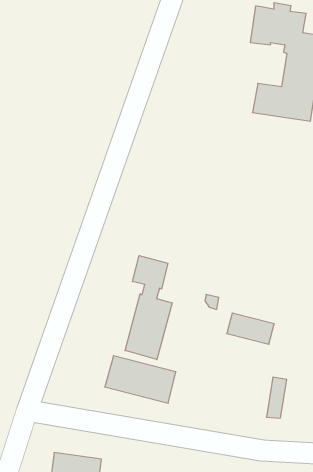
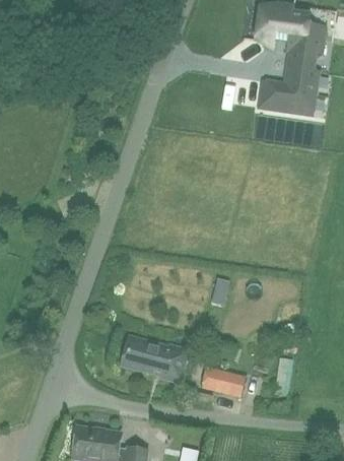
building: [125,256,172,360] -> none
building: [227,313,274,344] -> [201,363,246,392]

